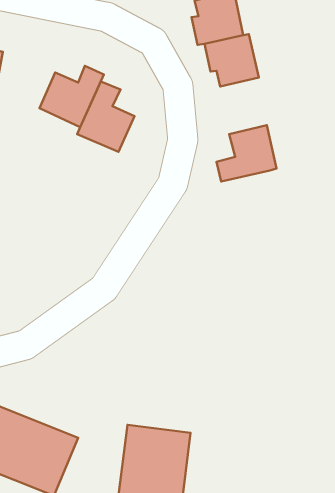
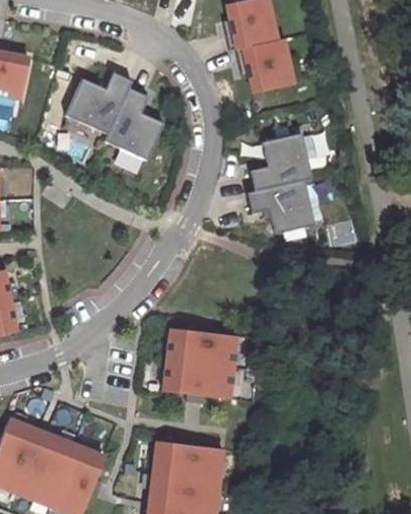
building: none -> [247,180,314,235]
building: none -> [163,328,234,398]

